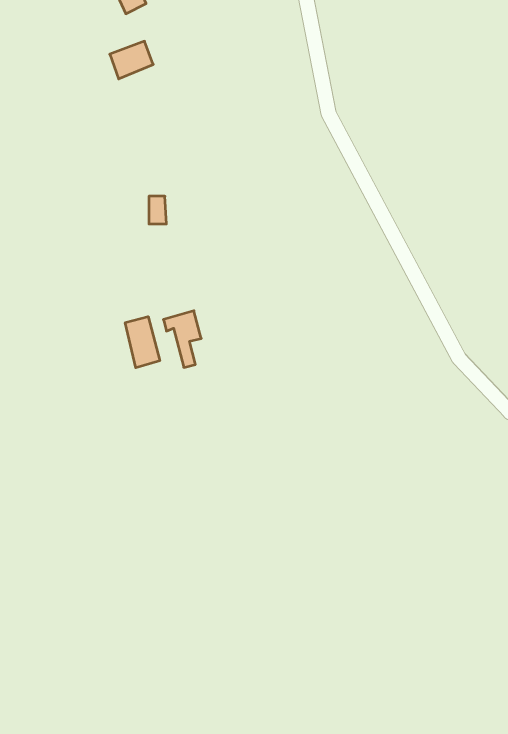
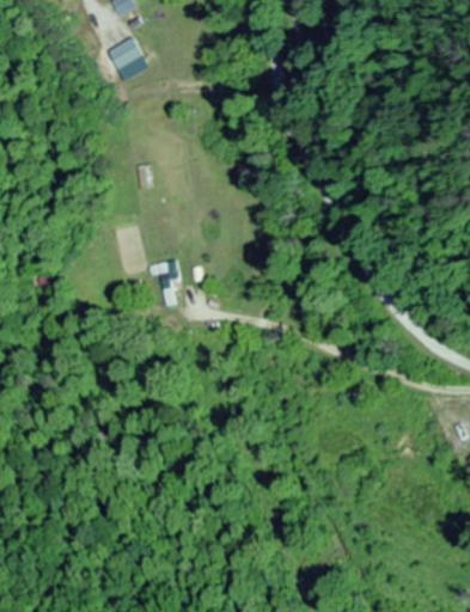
building: [125,317,160,368] -> none

